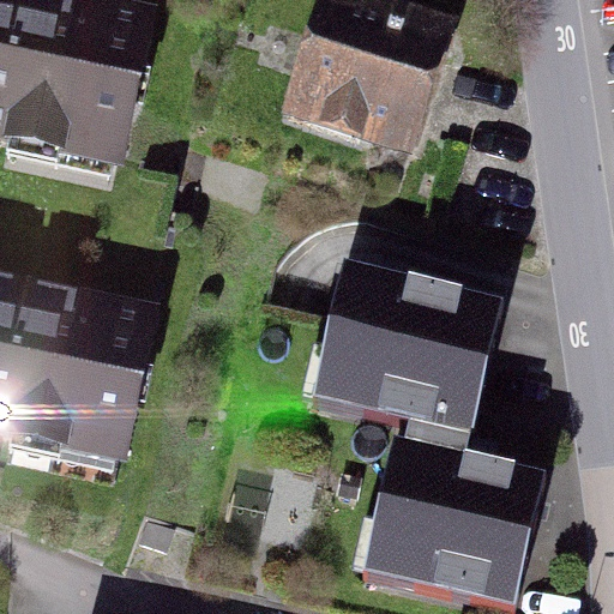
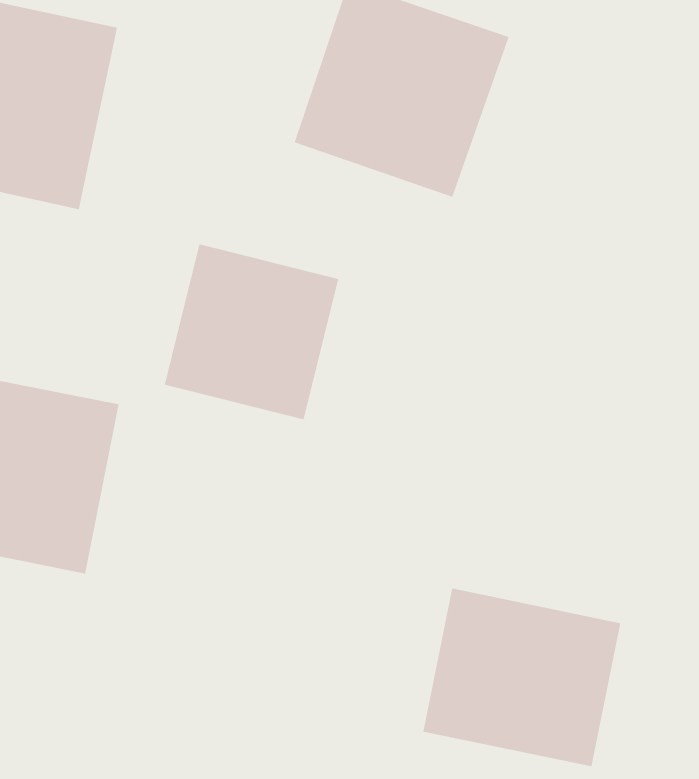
building: none -> [164,244,339,420]
building: [320,278,495,433] -> none

